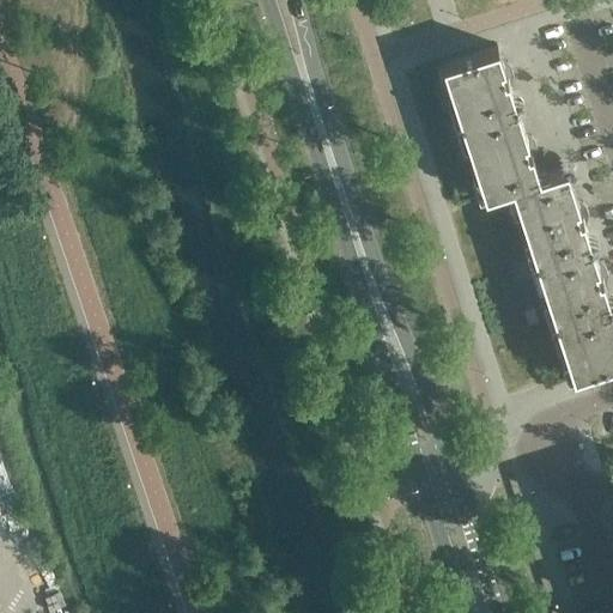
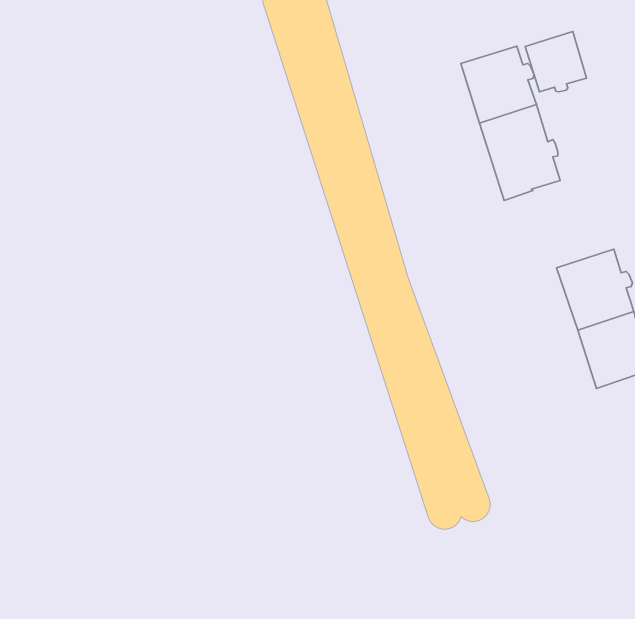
building: none -> [525,32,587,92]
building: [512,181,591,274] -> none

